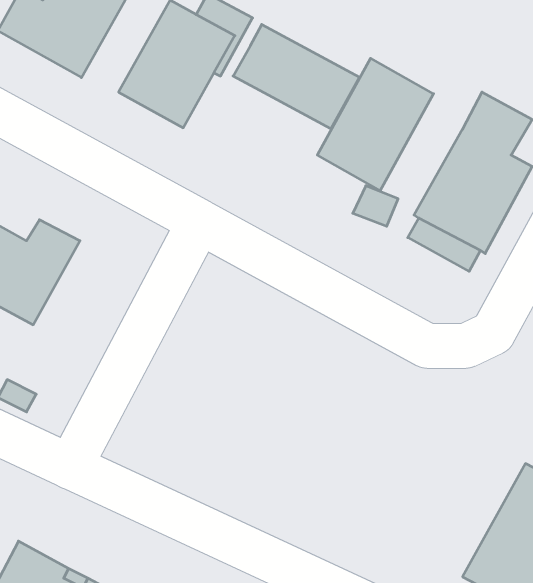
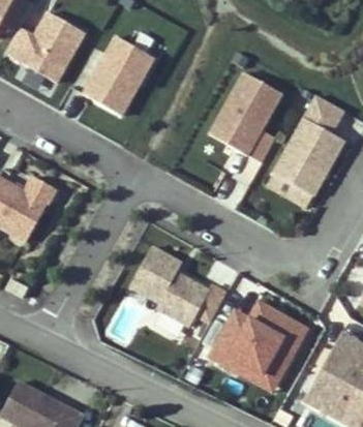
building: [233,24,360,129] -> none
building: none -> [129,245,228,329]
building: none -> [207,299,309,394]

